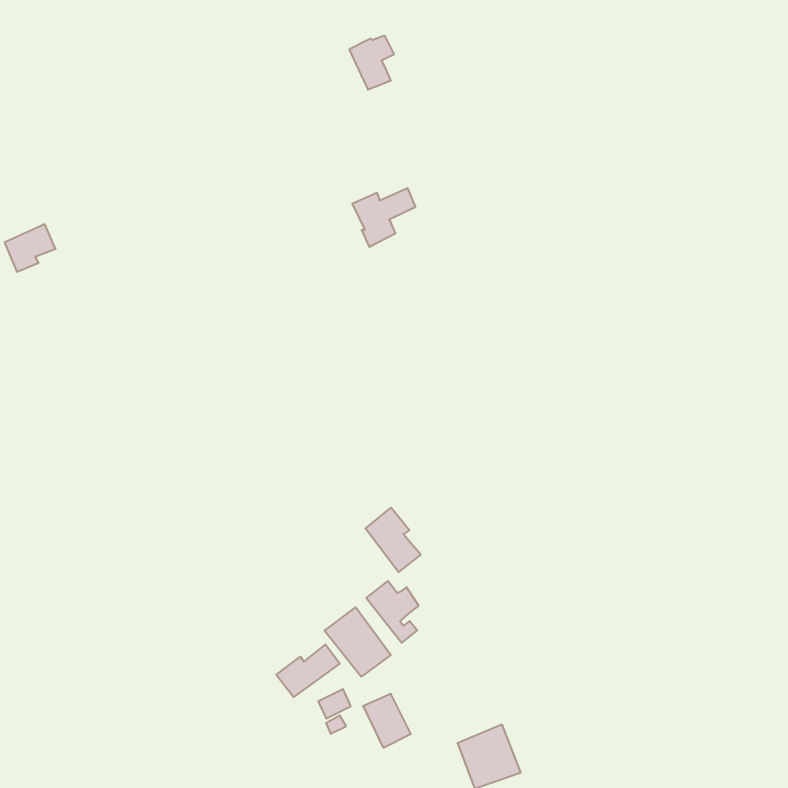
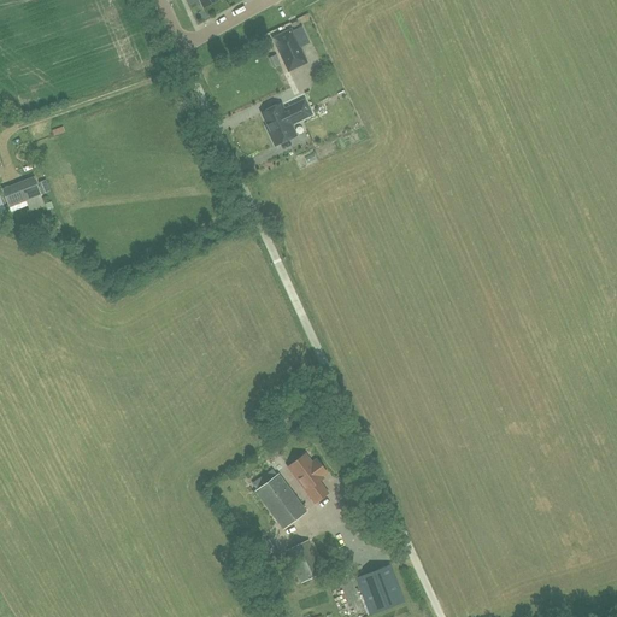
building: [352,188,416,247] -> [260,100,310,146]
building: [365,508,421,572] -> none
building: [276,644,340,697] -> none

